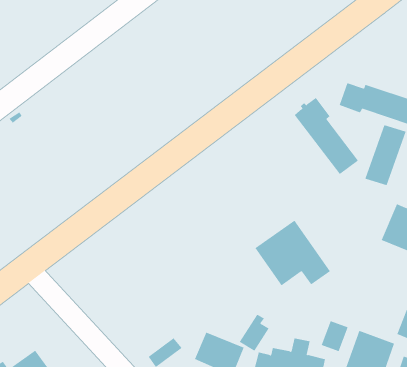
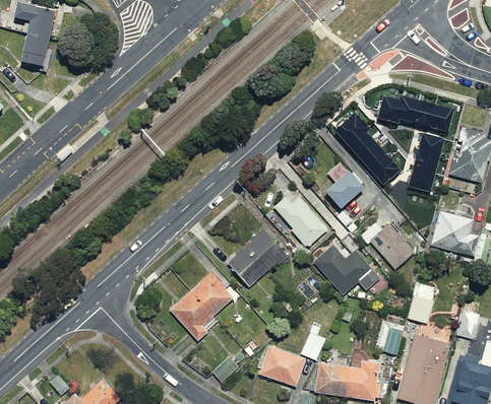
building: none -> [323,158,367,209]
building: none -> [273,193,329,248]
building: none -> [227,228,289,288]
building: none -> [372,222,417,268]
building: none -> [170,270,234,341]
building: none -> [406,282,439,326]

